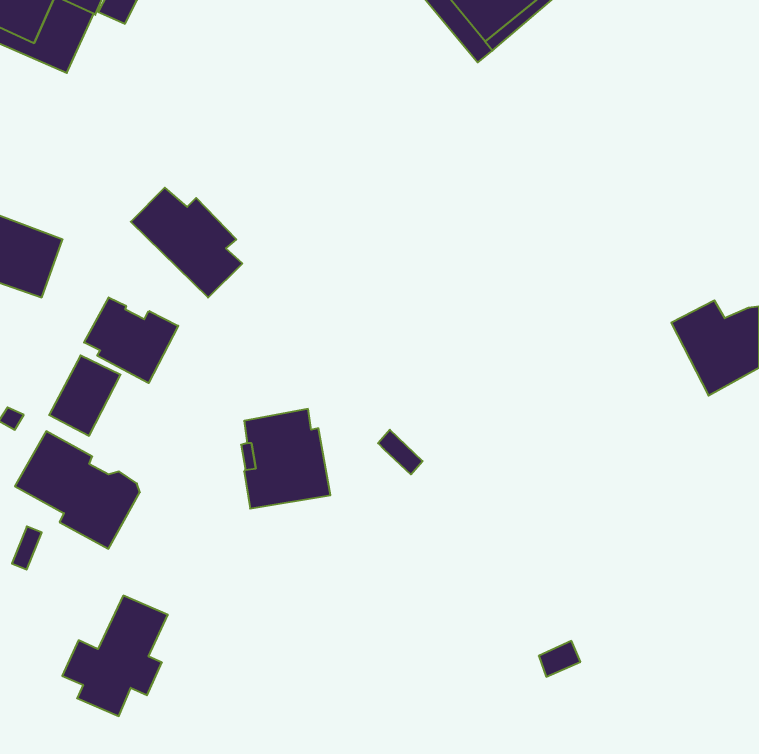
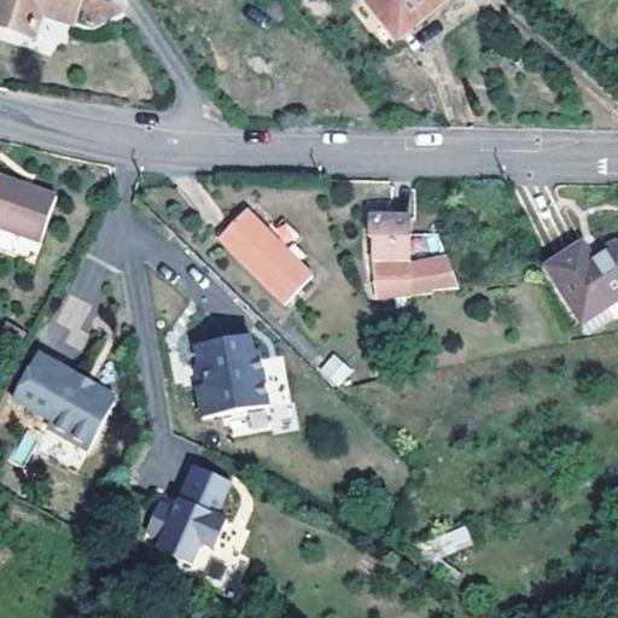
building: [131,188,242,298] -> [221,209,311,298]
building: none -> [368,220,444,296]
building: [84,297,178,383] -> none
building: [62,596,168,716] -> [145,462,231,560]

